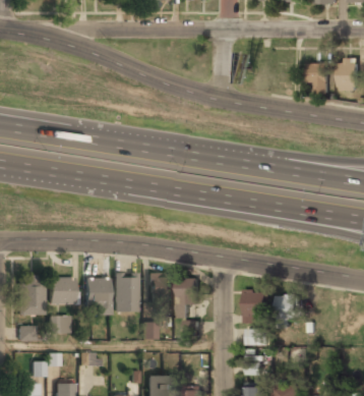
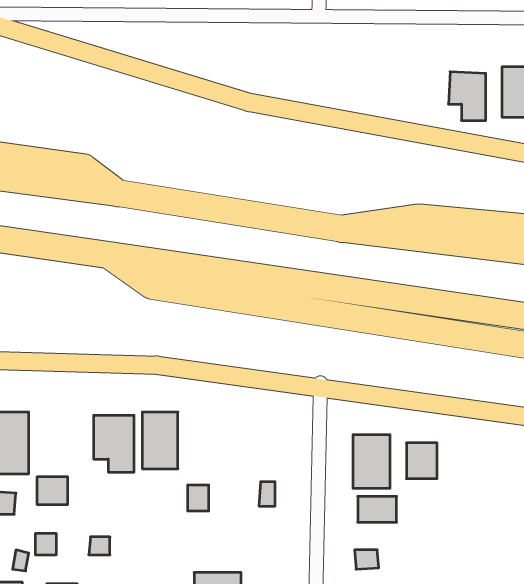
building: [149,274,172,303] -> none
building: [180,277,199,317] -> none
building: [49,278,74,304] -> none

